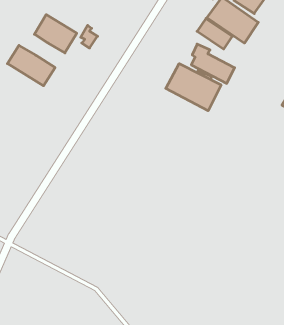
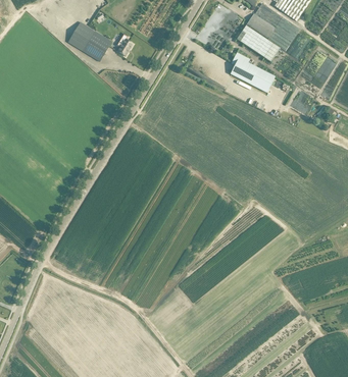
building: [7,45,55,86] -> none
building: [166,64,221,111] -> none

